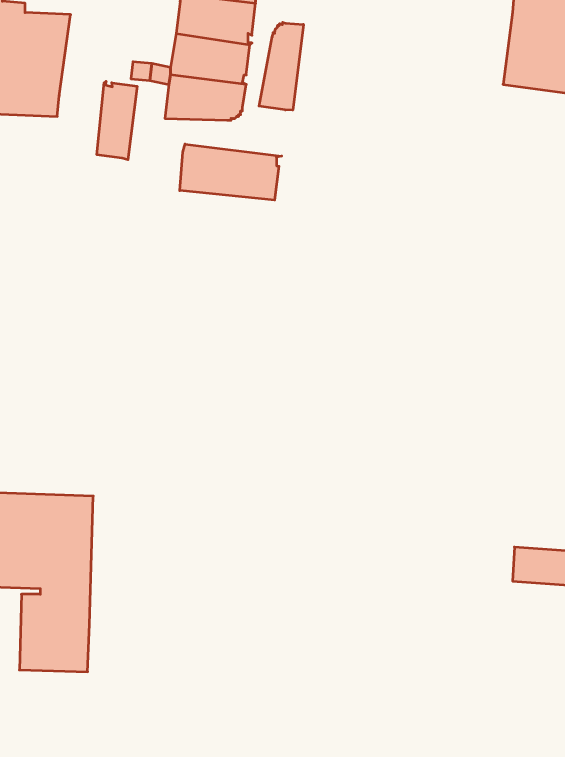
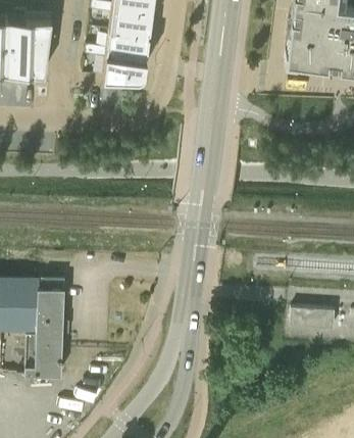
building: [259,22,303,110] -> none
building: [97,81,137,160] -> none
building: [180,144,282,200] -> none

